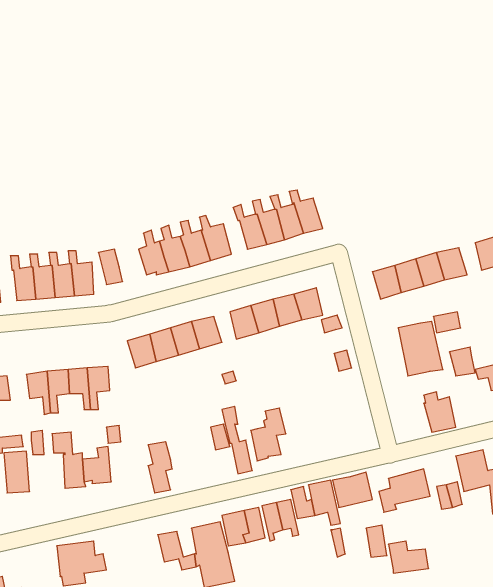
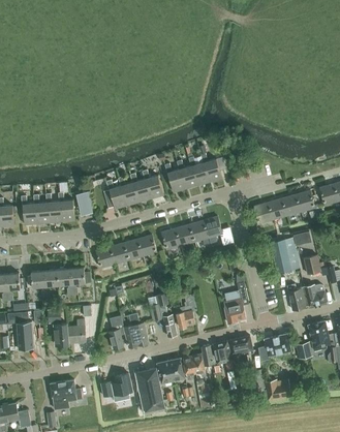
building: none -> [223,282,249,323]
building: none -> [304,283,328,306]
building: none -> [124,312,149,347]

